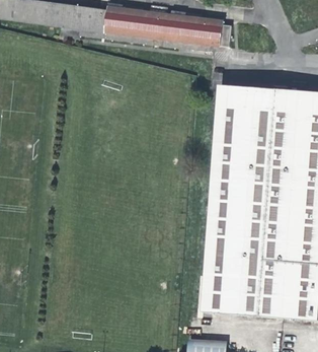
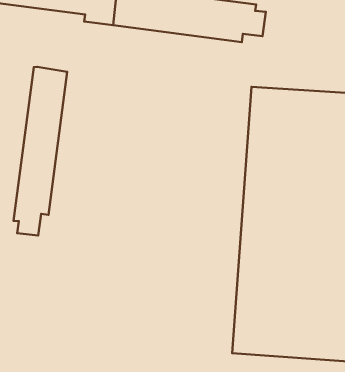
building: none -> [14,67,67,235]

